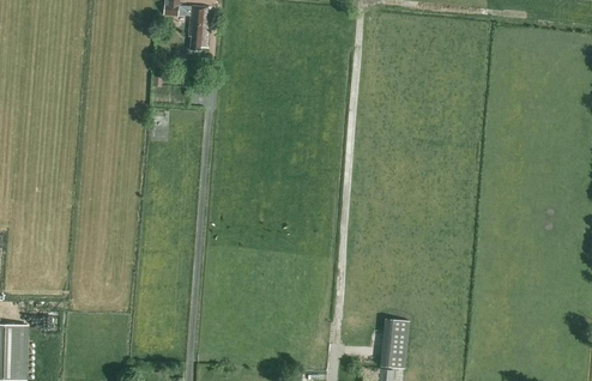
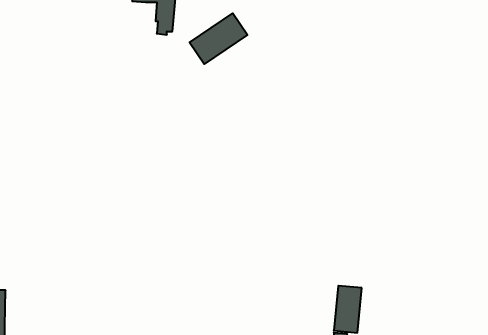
building: none -> [190,13,247,64]

